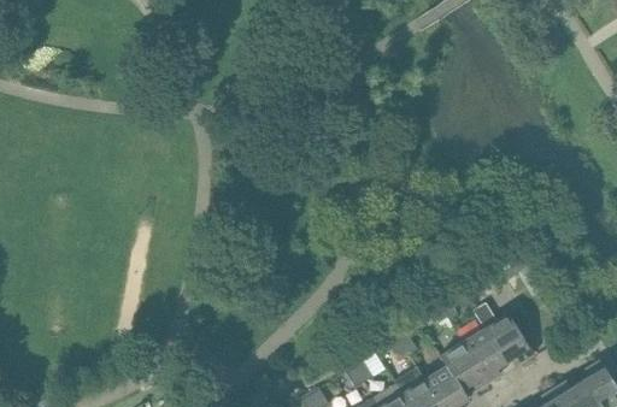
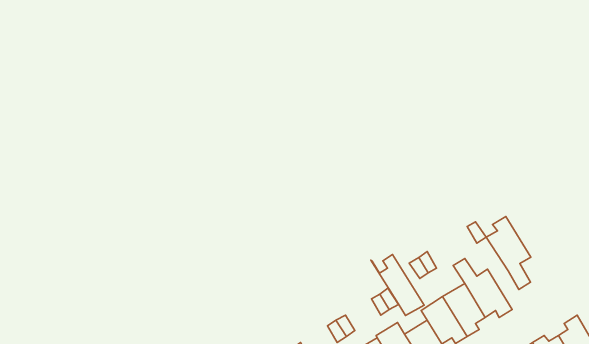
building: none -> [486,217,531,290]
building: none -> [371,254,424,316]

